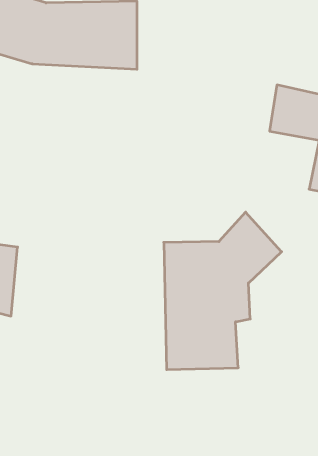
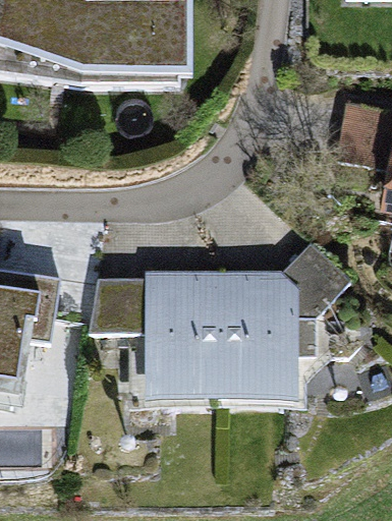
building: none -> [89,270,223,413]

